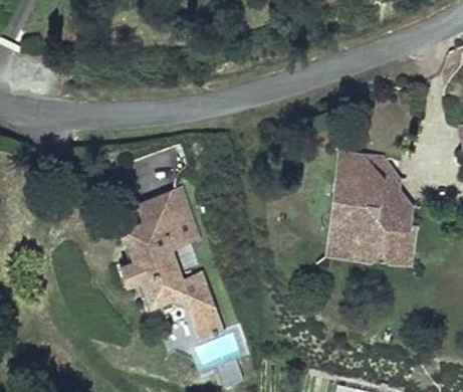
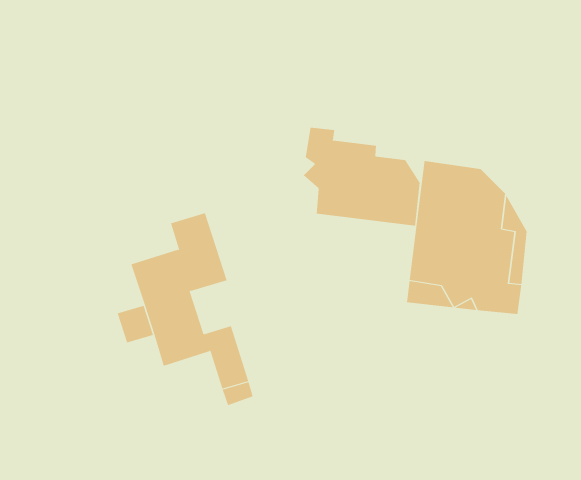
building: none -> [303,127,420,227]

